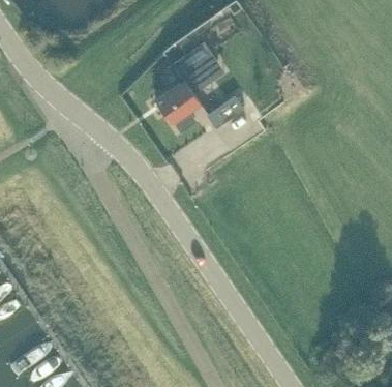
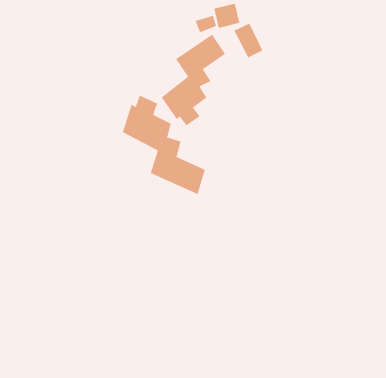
building: [206,94,244,128] -> none
building: none -> [122,95,205,195]

